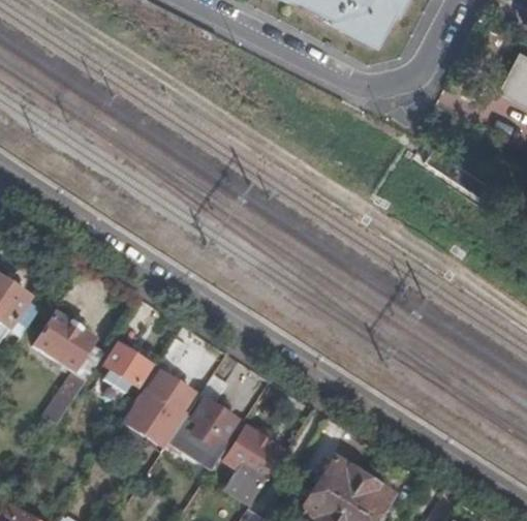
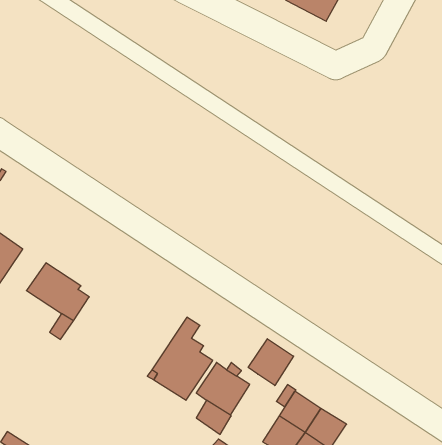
building: [128,339,193,433] -> none
building: [103,344,150,392] -> none
building: none -> [248,339,294,386]

